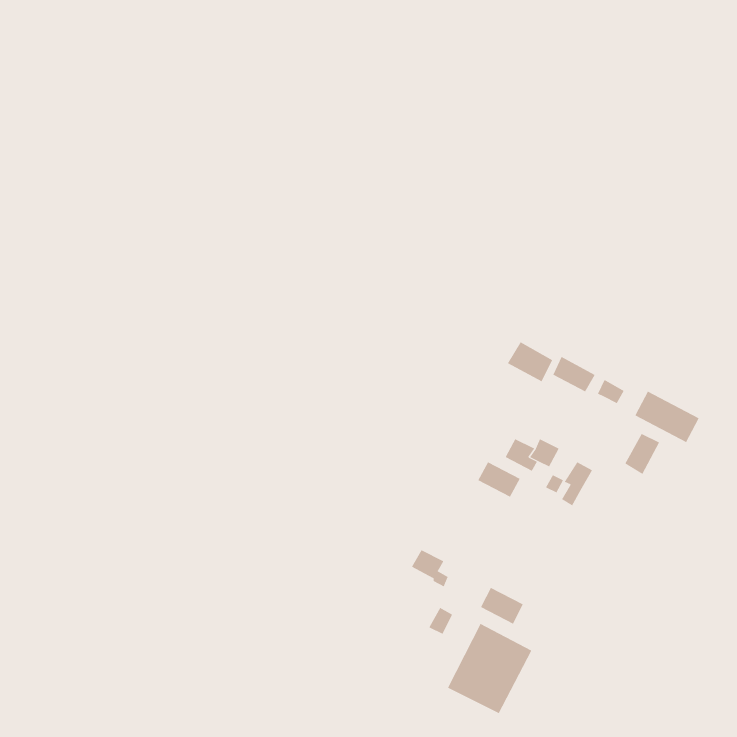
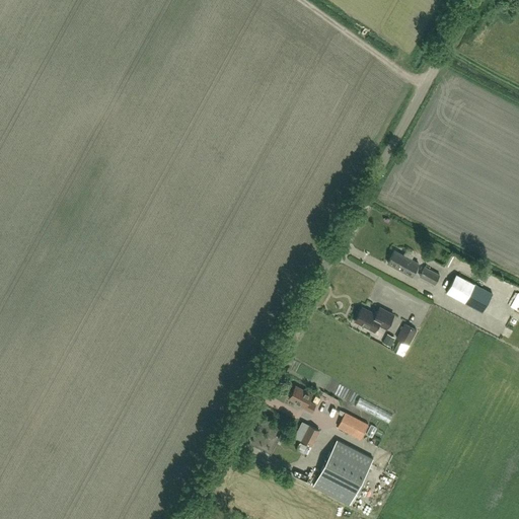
building: [507,342,553,382] -> none
building: [625,433,660,475] -> none
building: [478,461,521,498] -> none

